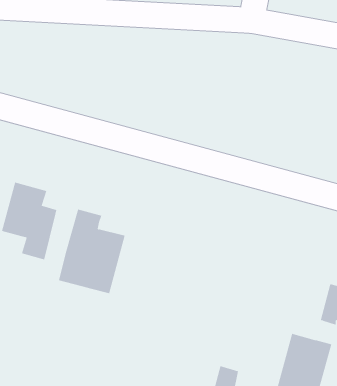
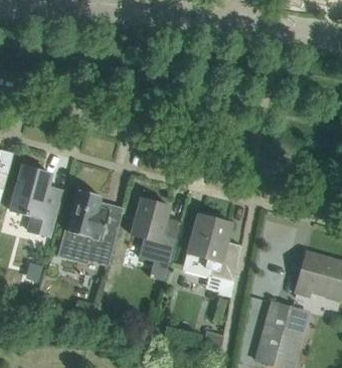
building: none -> [131,197,177,265]
building: none -> [182,213,241,281]

